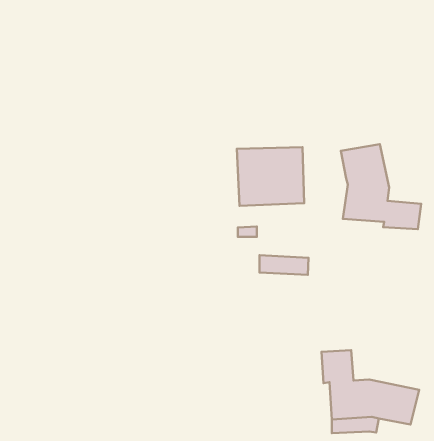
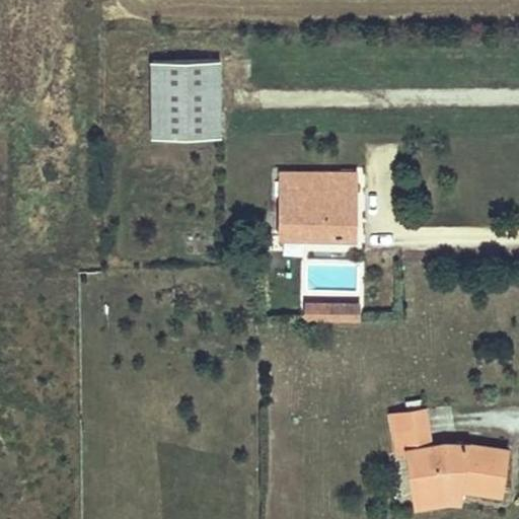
building: none -> [151,58,222,135]
building: [341,144,421,229] -> none

